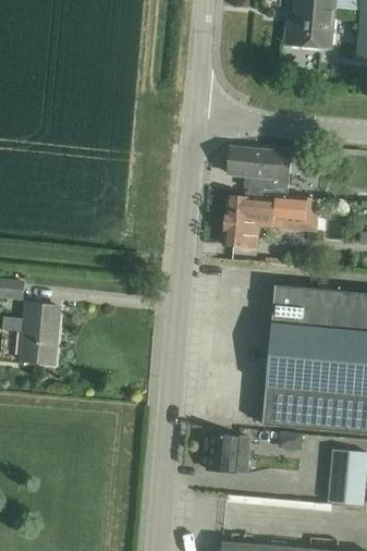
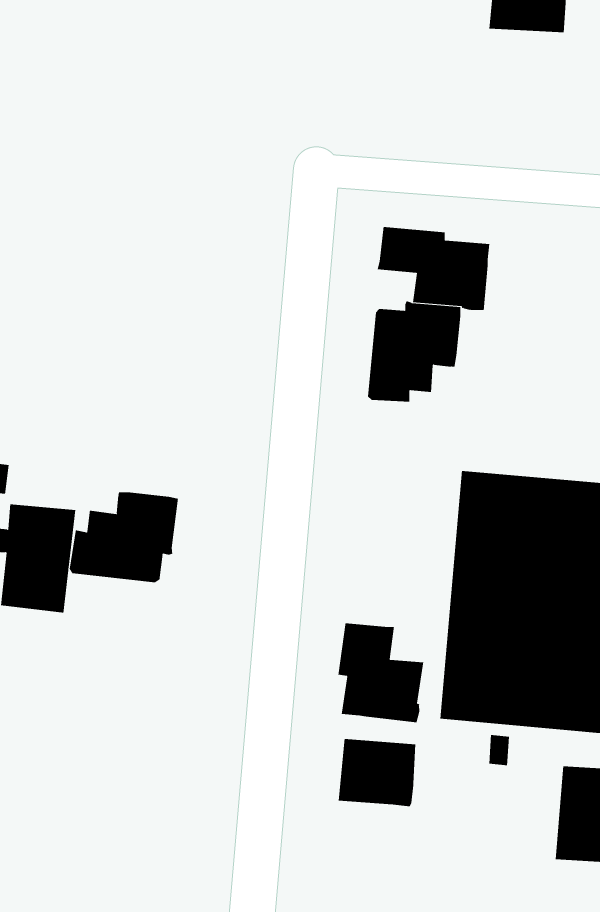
building: [272,194,307,222] -> none
building: none -> [69,492,179,583]
building: none -> [338,622,424,723]

